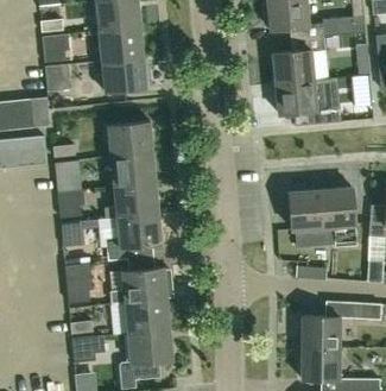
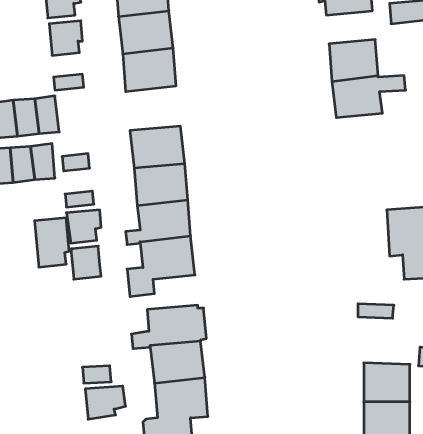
building: [287,189,322,247] -> none
building: [64,261,93,302] -> [35,218,69,267]

